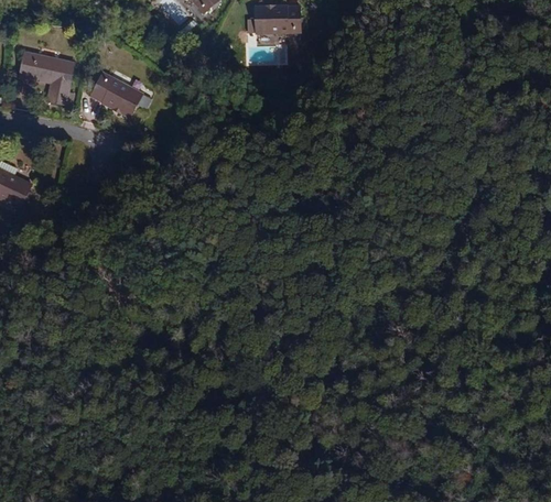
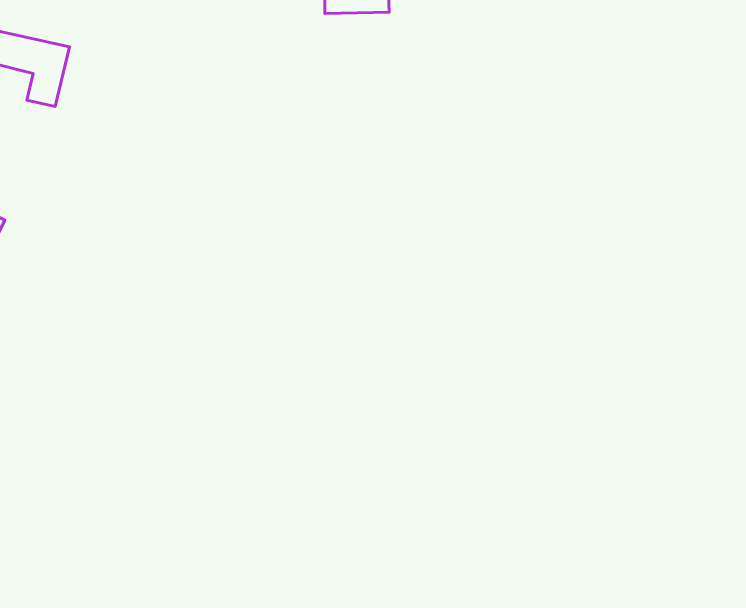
building: [91,70,143,114] -> none

